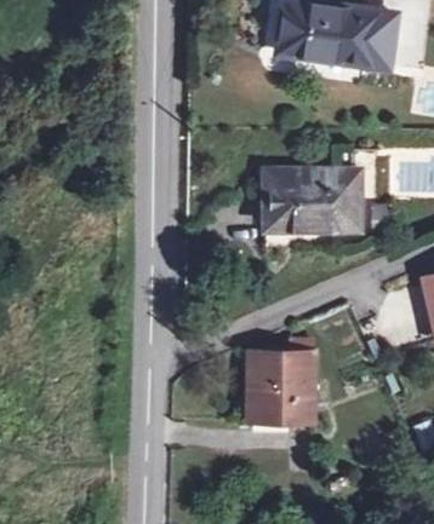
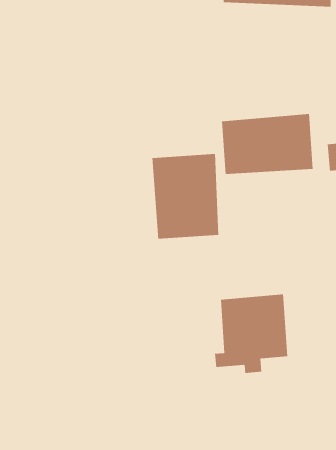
building: none -> [152,153,219,240]

